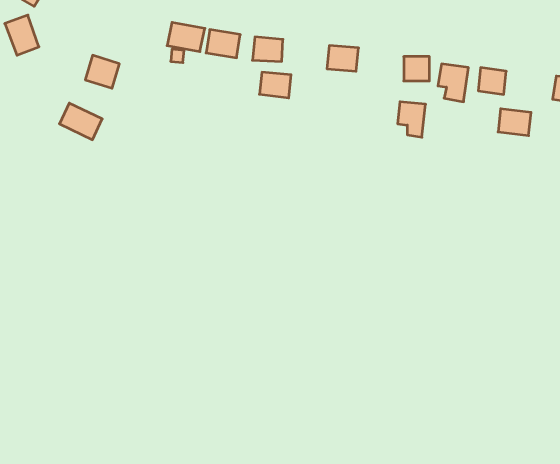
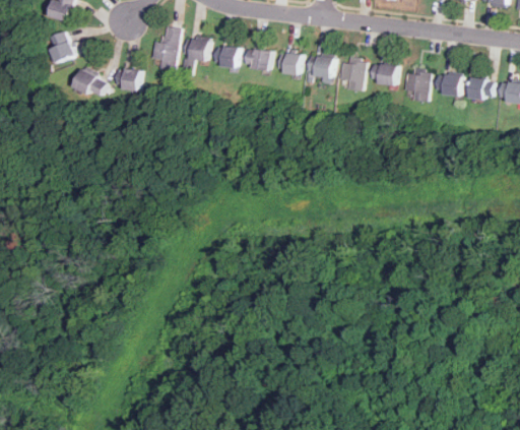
building: none -> [150,27,179,70]
building: [259,72,291,98] -> [281,53,308,74]
building: [398,102,426,137] -> [342,61,366,90]
building: [59,103,102,140] -> [69,66,105,97]
building: [498,109,531,136] -> [467,78,495,101]

